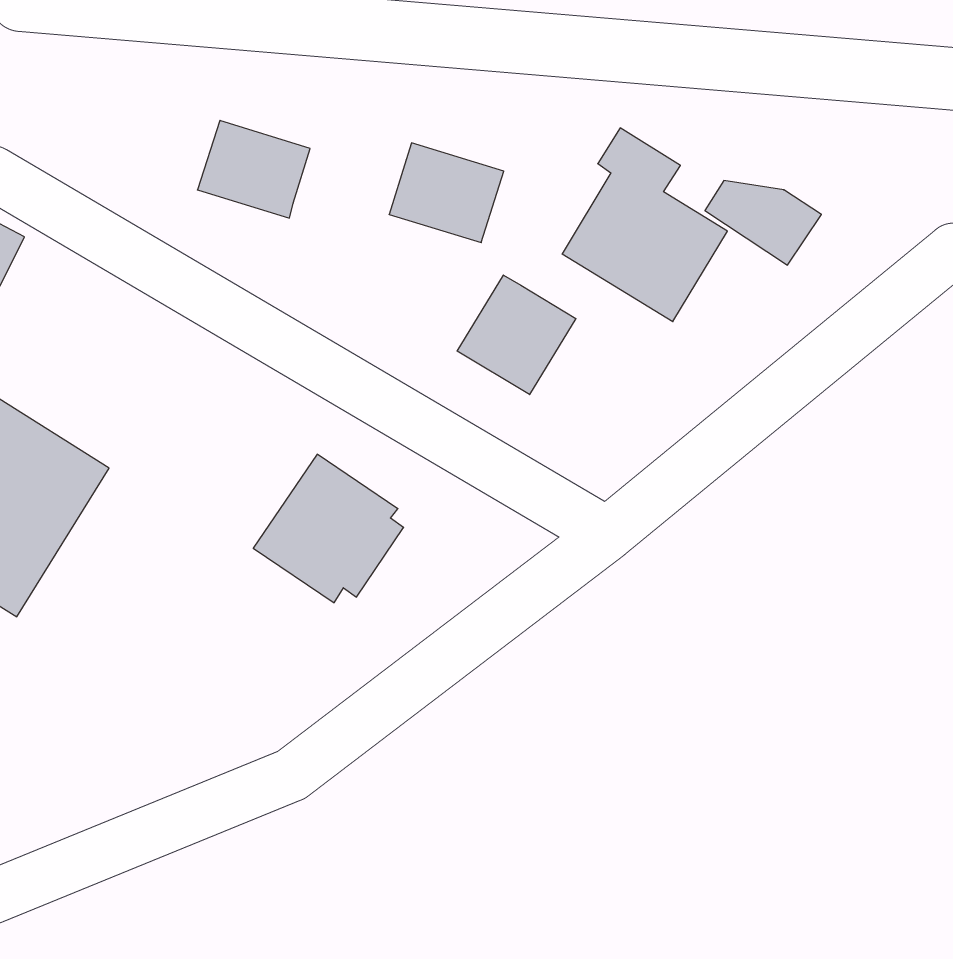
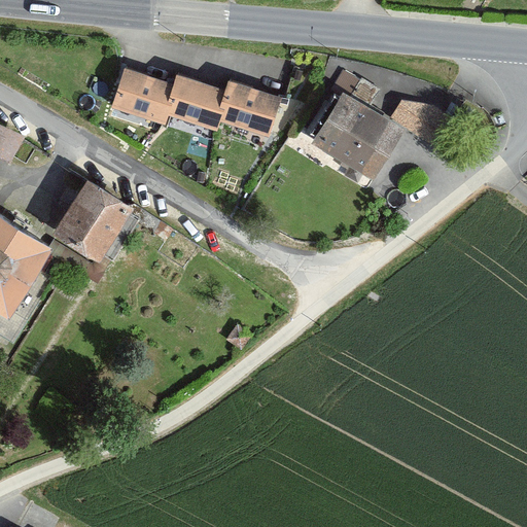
building: none -> [161,73,222,128]
building: [457,275,576,395] -> none
building: [253,454,404,603] -> [49,177,132,258]

